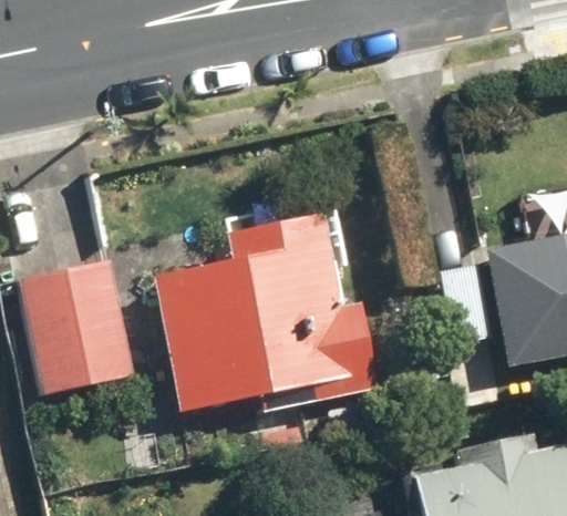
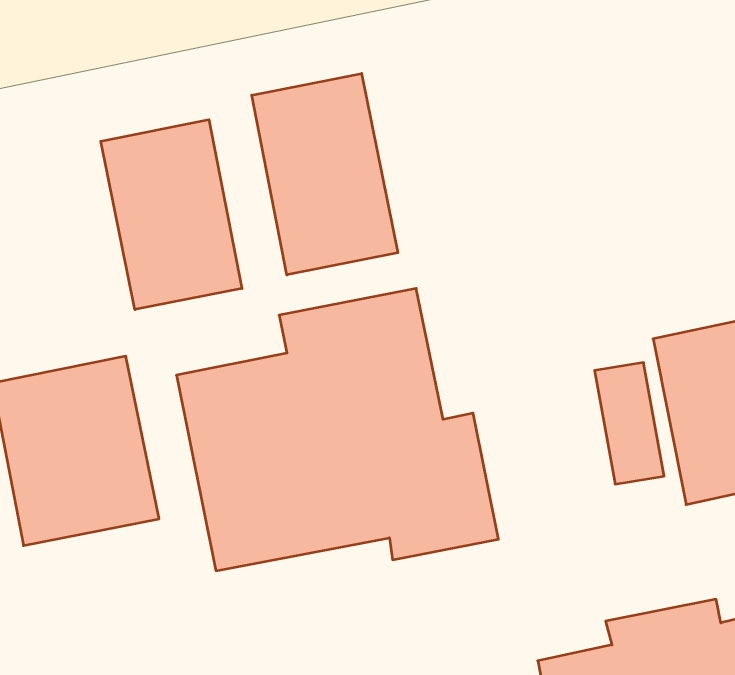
building: none -> [252,73,398,275]
building: none -> [101,120,242,310]

